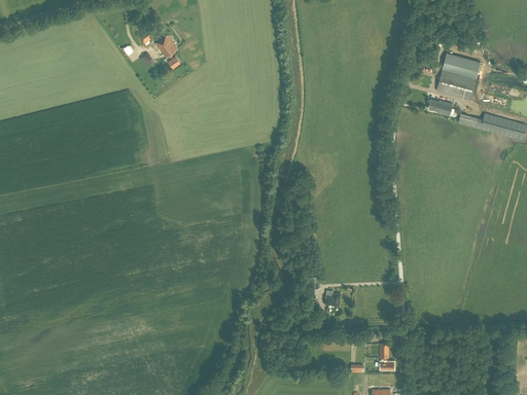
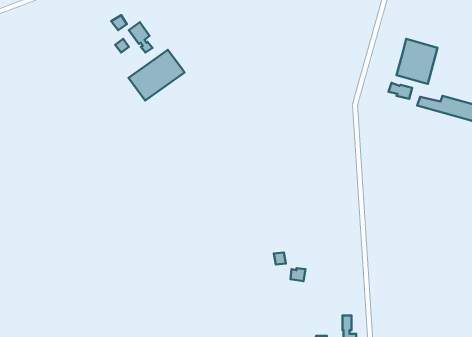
building: none -> [128,50,184,100]

